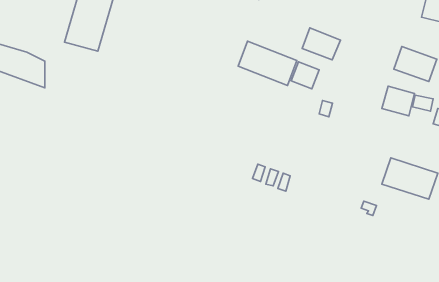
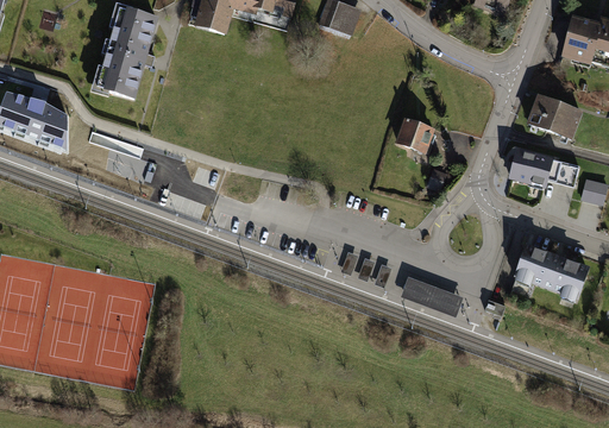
building: [302,28,341,60] -> none
building: [238,41,297,85] -> none
building: none -> [402,276,460,314]

